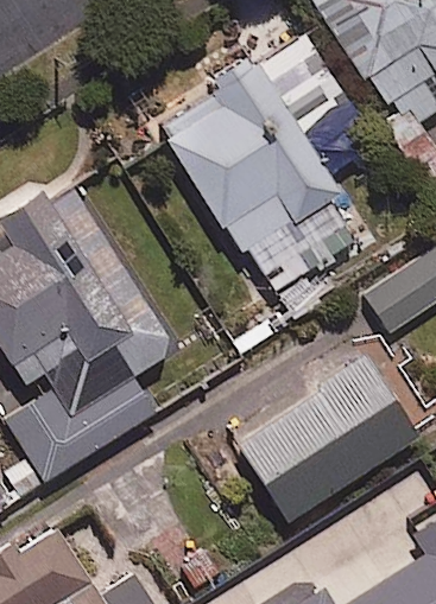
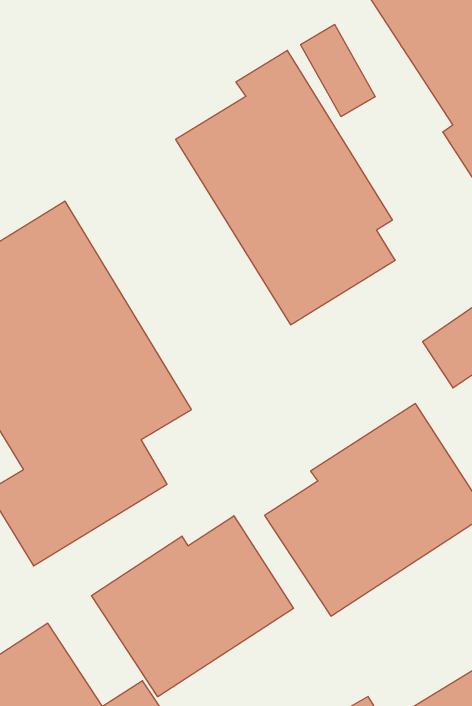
building: none -> [92,516,293,697]

